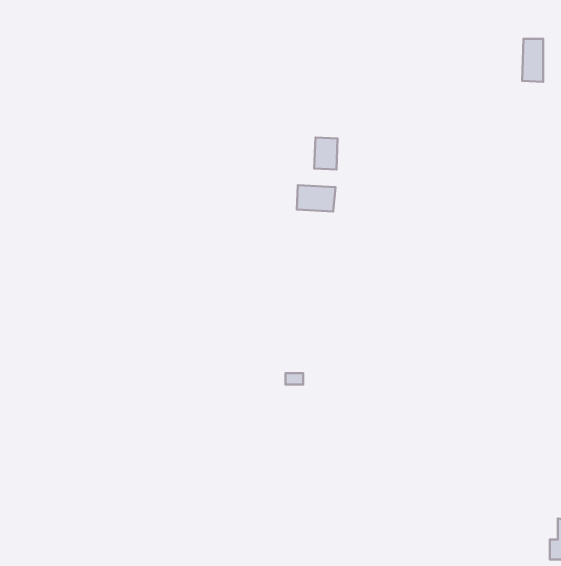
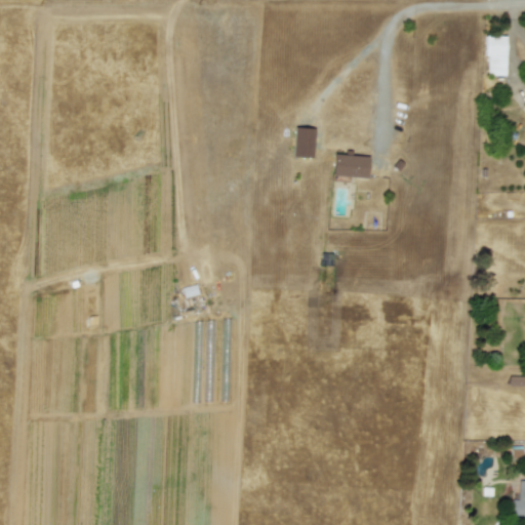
building: [297,185,335,212] -> [335,154,371,178]

